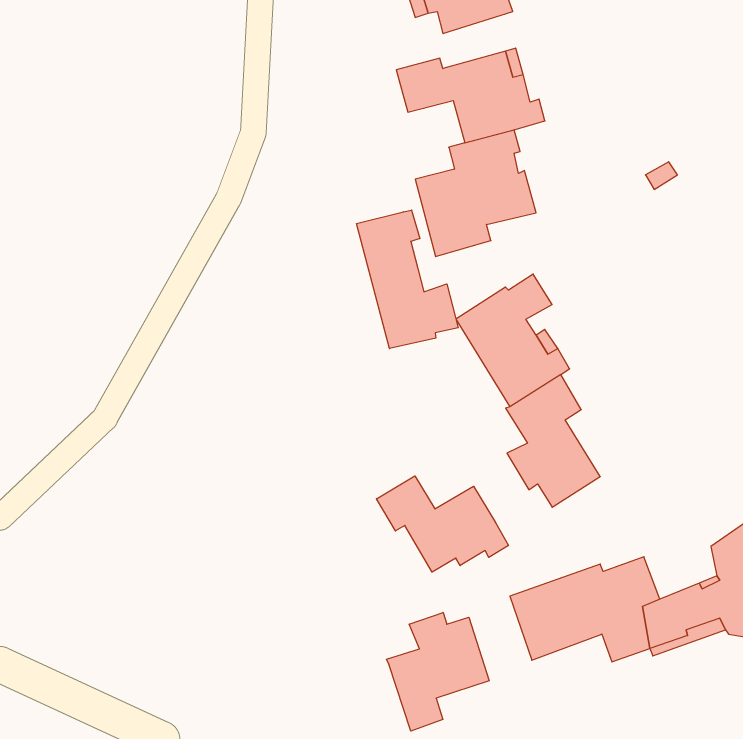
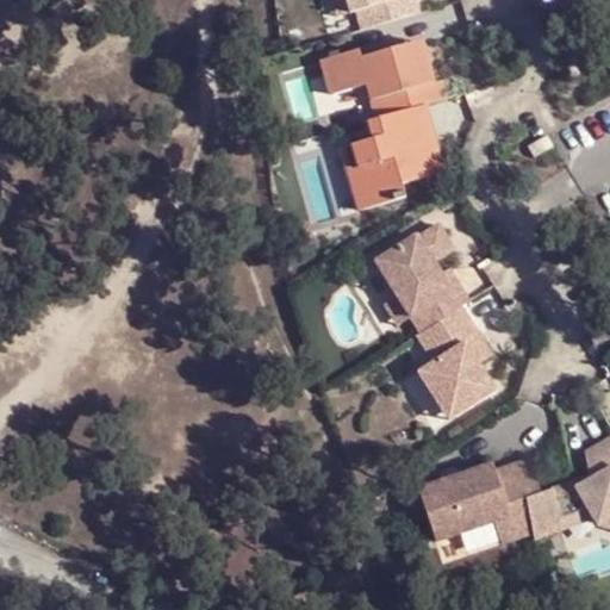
building: [357,210,458,349] -> none
building: [376,476,508,572] -> none
building: [386,612,489,731] -> none

